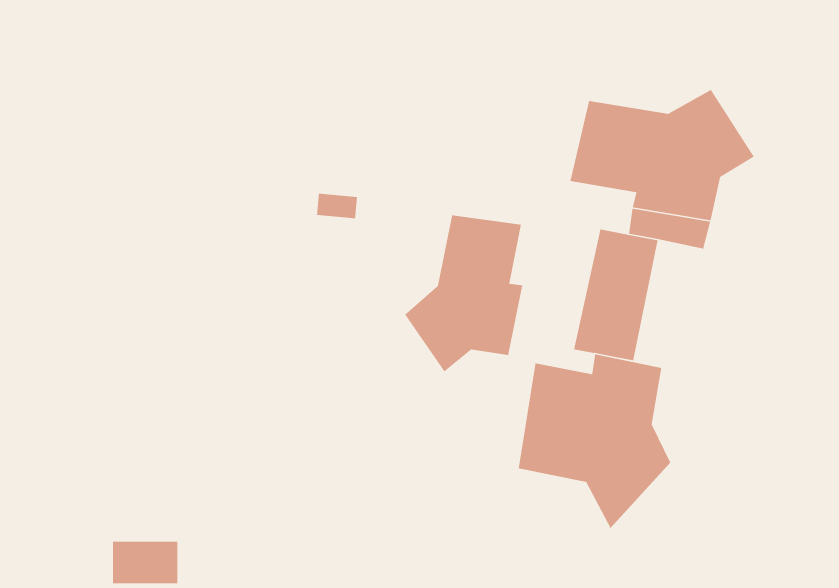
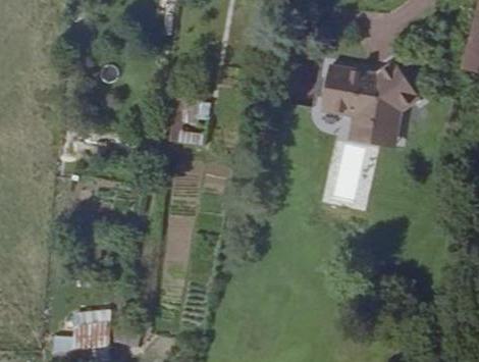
building: [404,215,523,372] -> none
building: [518,354,671,529] -> none

